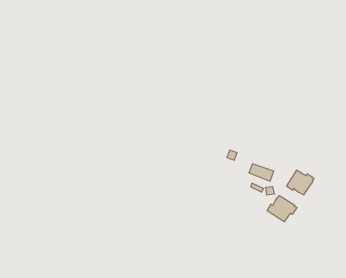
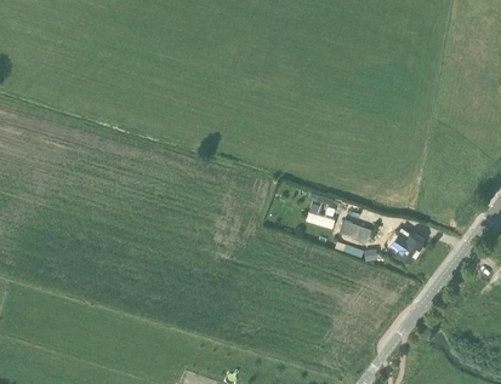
building: [267,196,297,222] -> none

